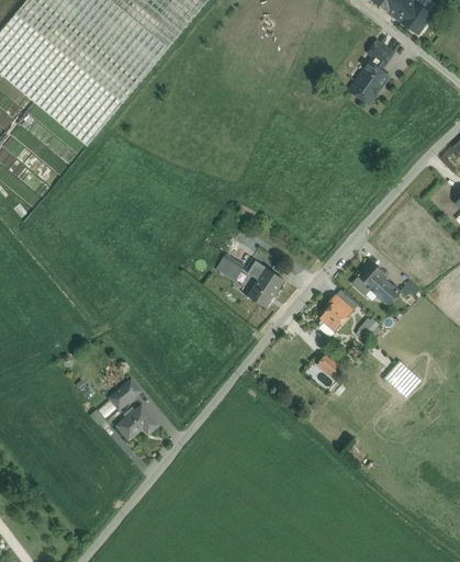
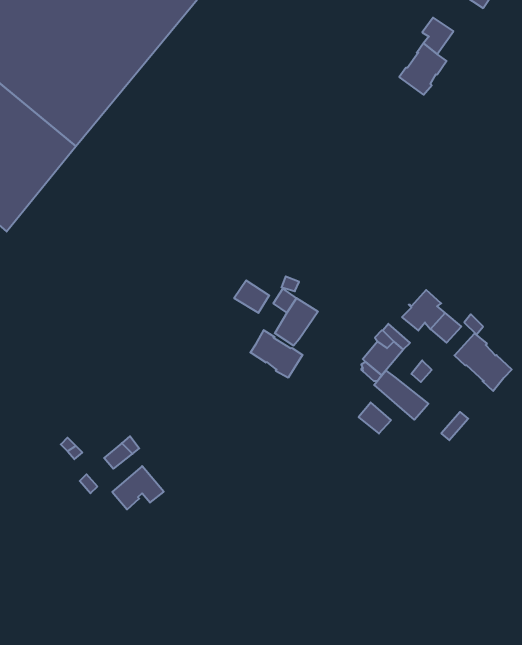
building: none -> [250,330,303,378]
building: none -> [454,334,512,391]
building: none -> [374,371,428,420]

